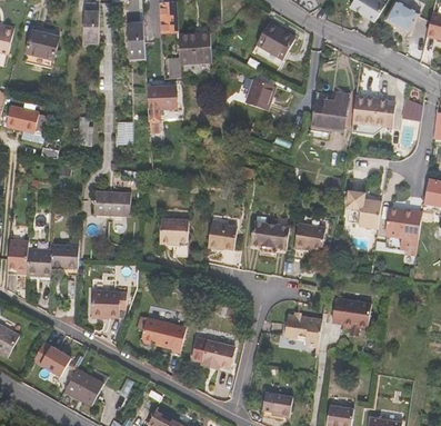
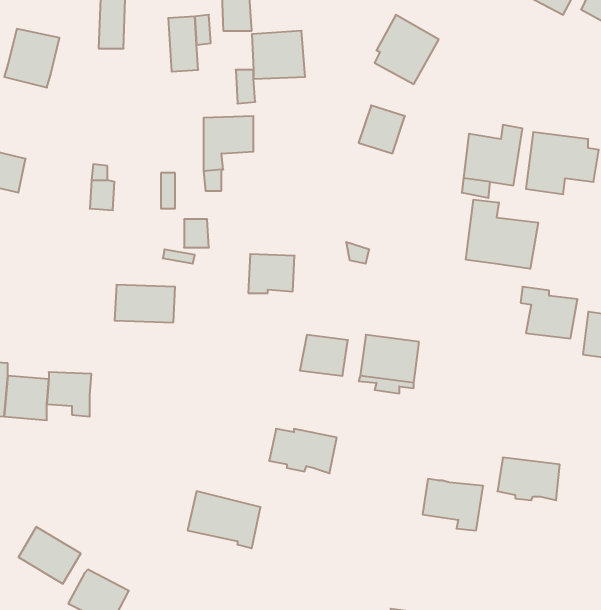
building: none -> [466,200,538,269]
building: [161,217,190,241] -> [248,254,295,293]
building: [290,222,319,246] -> none
building: [90,291,119,319] -> none
building: [190,339,232,367] -> [269,429,337,473]

